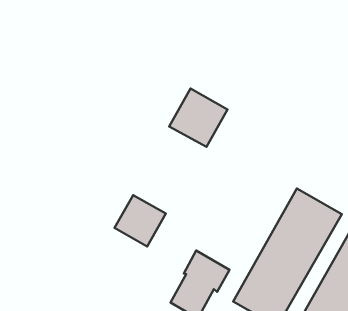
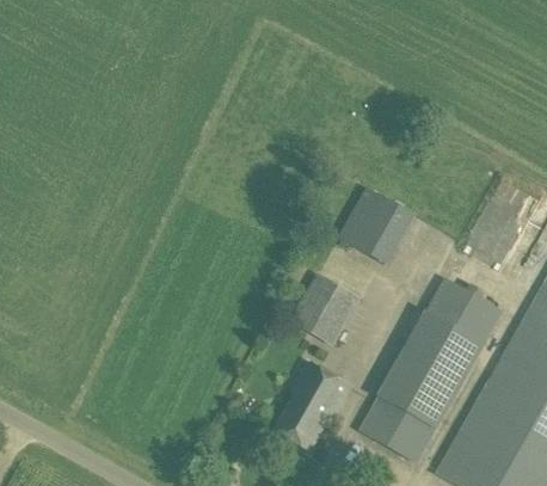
building: [169,88,228,147] -> [337,186,416,265]
building: [114,195,166,246] -> [291,273,361,343]

